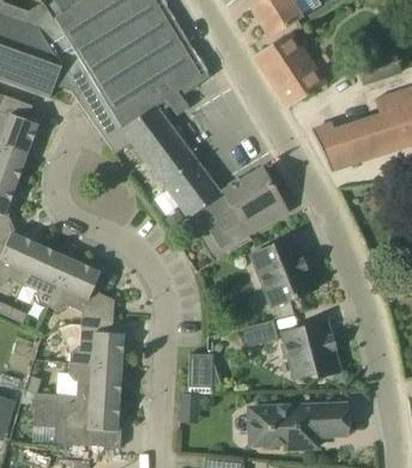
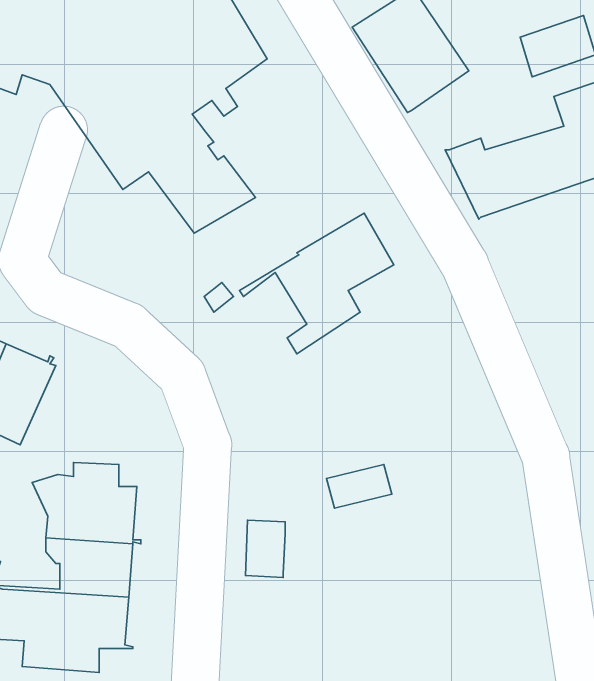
building: [158,158,222,214] -> none
building: [253,237,315,304] -> none
building: [53,260,114,330] -> none
building: [285,320,339,377] -> none
building: [252,403,347,445] -> none

